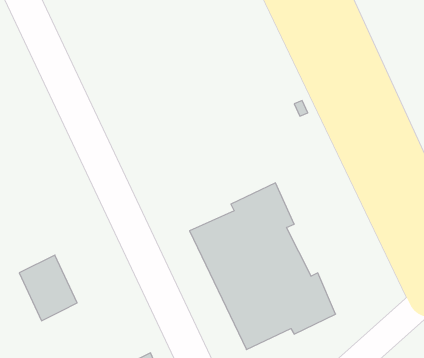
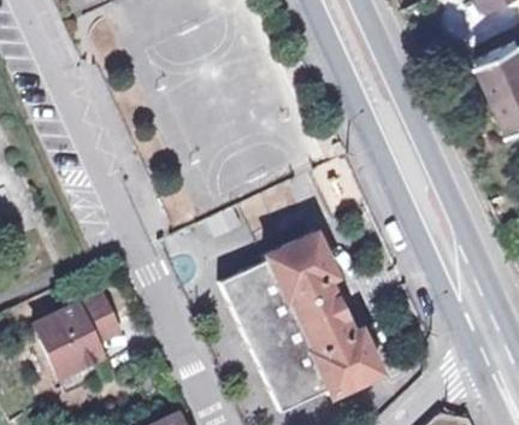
building: none -> [75,294,117,359]

